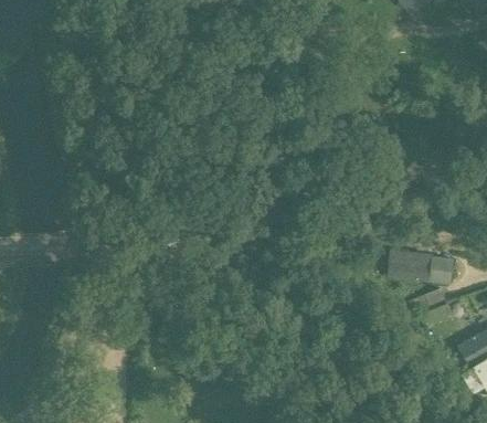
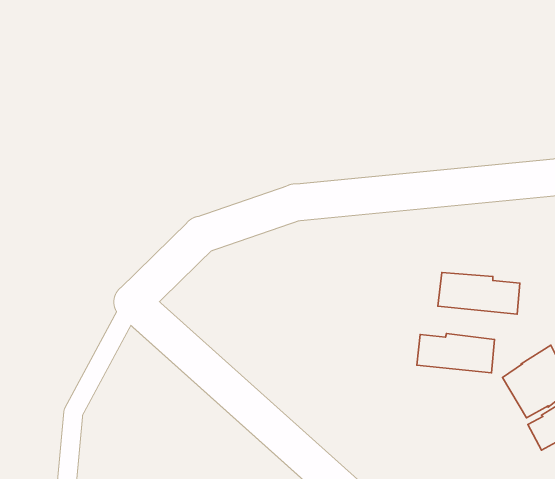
building: none -> [417,333,494,373]

